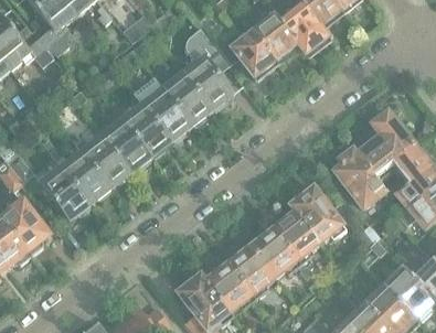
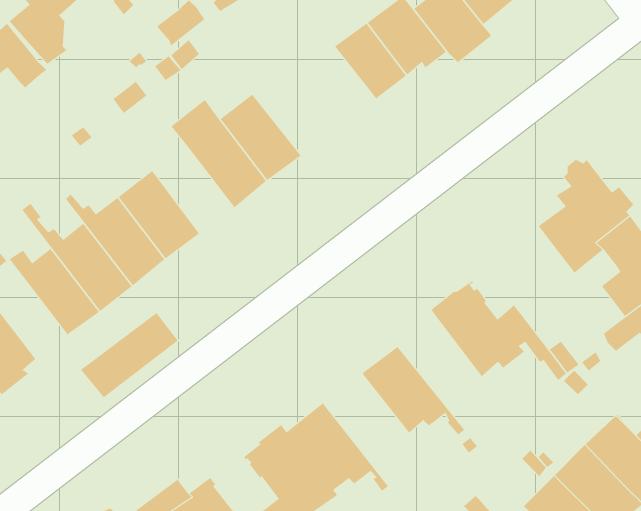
building: [182,29,235,109] -> none
building: [121,103,171,157] -> none
building: [333,149,387,210] -> none
building: none -> [80,312,178,398]
building: [270,207,321,275] -> none
building: [225,241,277,310] -> none

